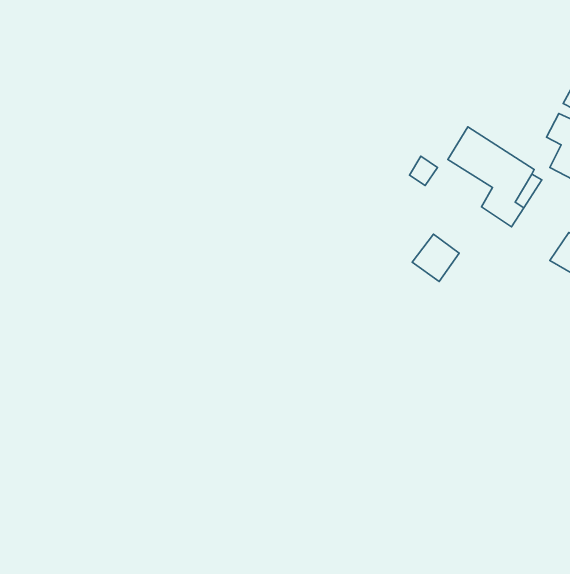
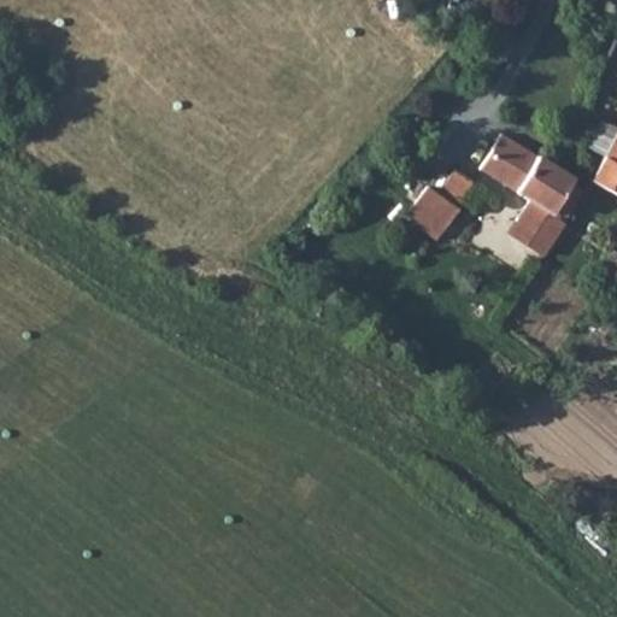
building: [412,234,459,281] -> [409,188,459,239]

